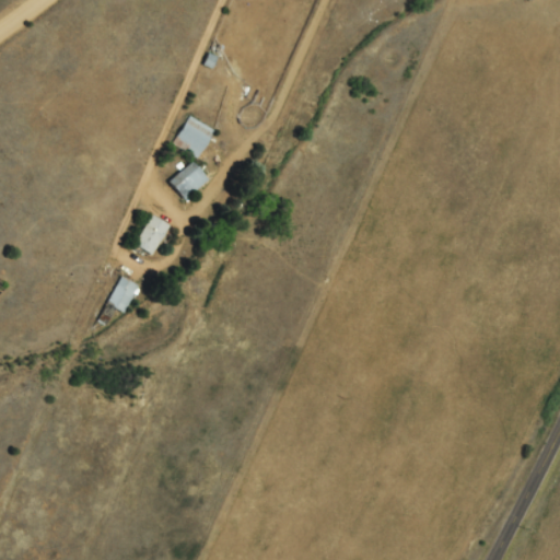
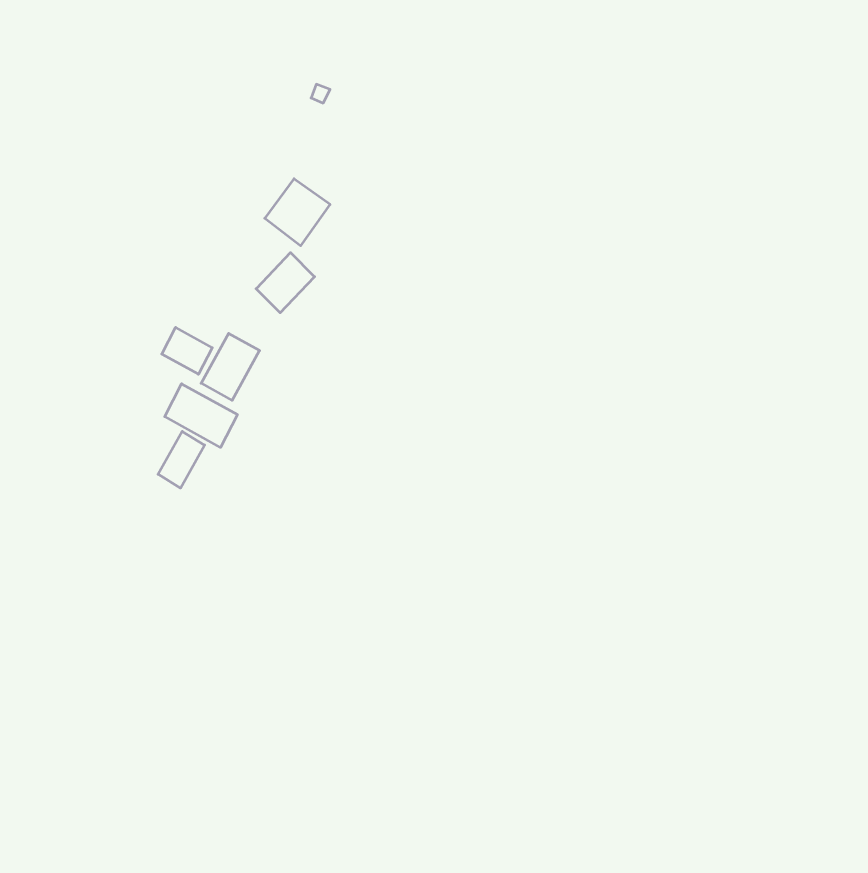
building: none -> [162,327,212,374]
building: none -> [165,384,237,447]

